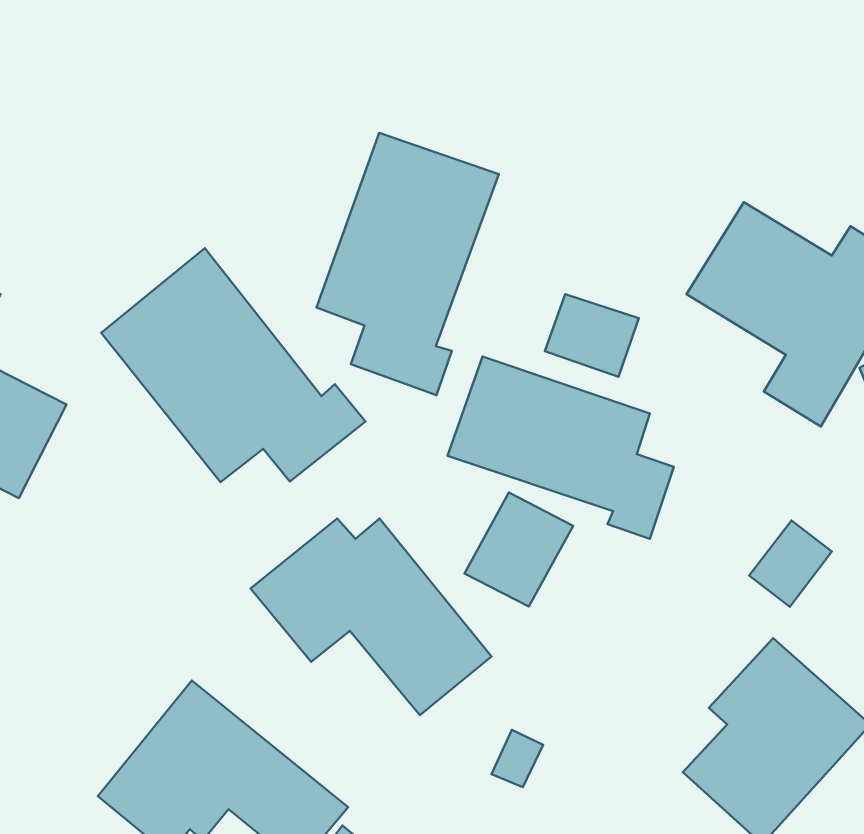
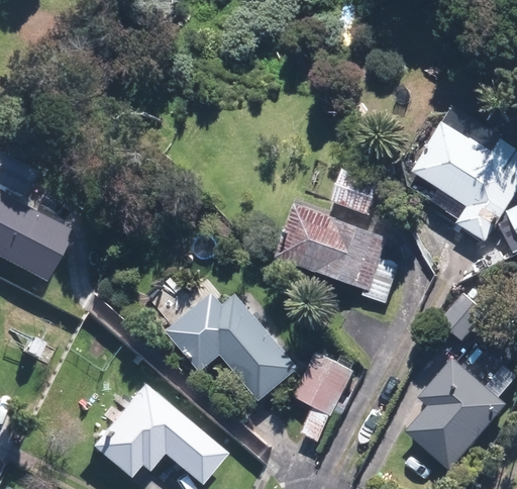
building: [317,133,499,395] -> none
building: [101,248,365,482] -> none
building: [465,493,573,607] -> [294,352,353,414]

